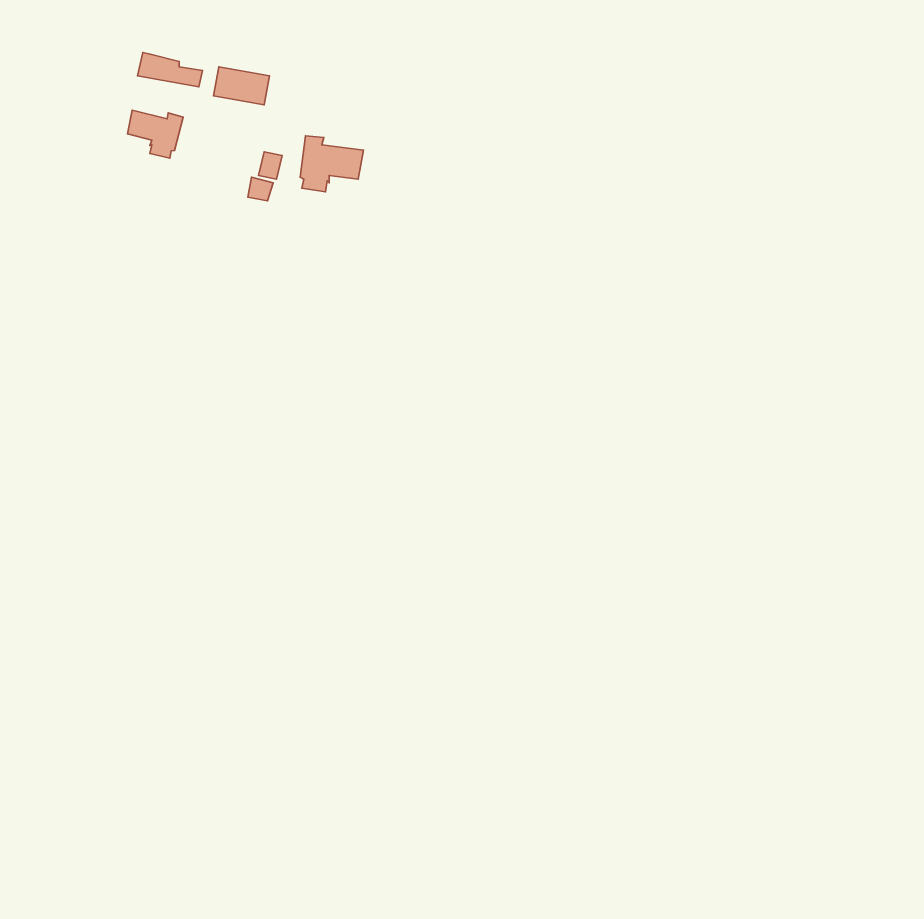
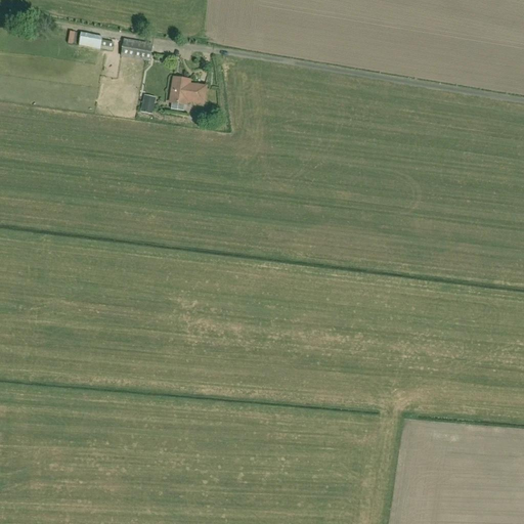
building: [128,110,183,158] -> none

